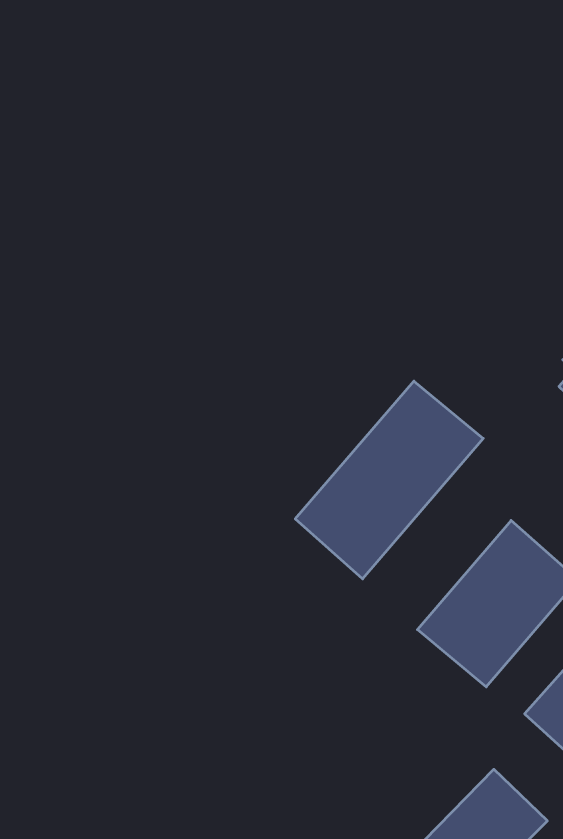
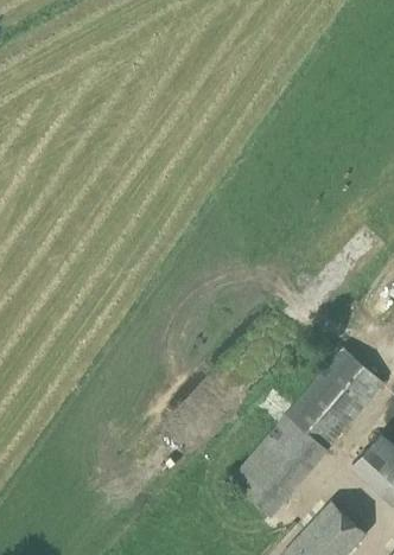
building: [295,381,483,579] -> none
building: none -> [230,414,329,515]

